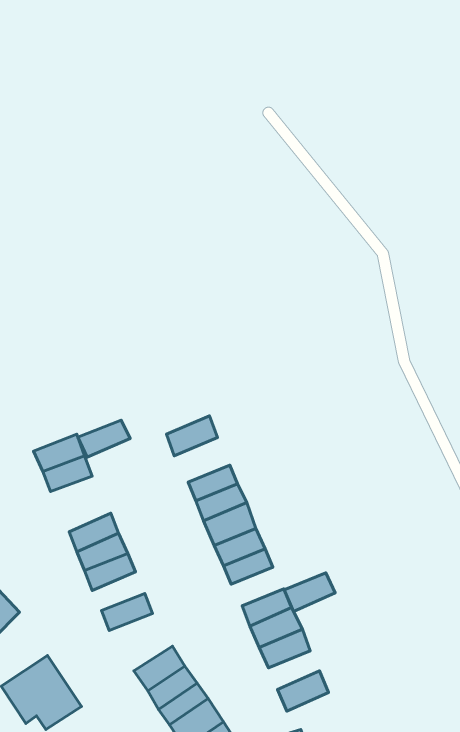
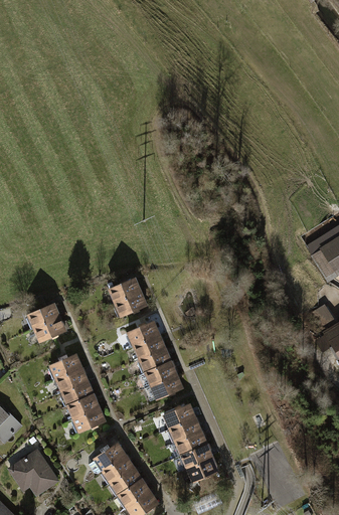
building: [78,420,130,457] -> [109,282,143,306]
building: none -> [66,395,101,420]
building: [284,573,335,611] -> [181,447,214,472]

